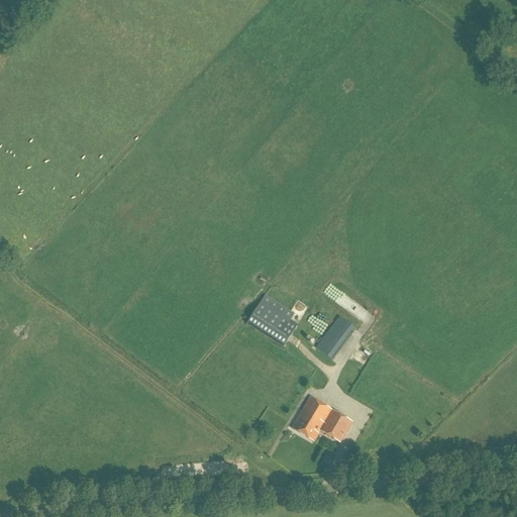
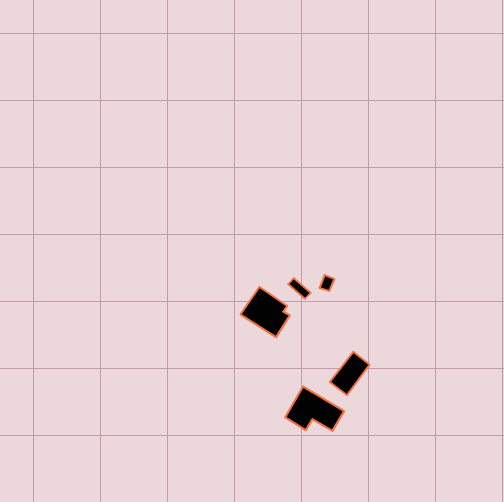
building: [315,315,355,359] -> [330,352,369,395]

